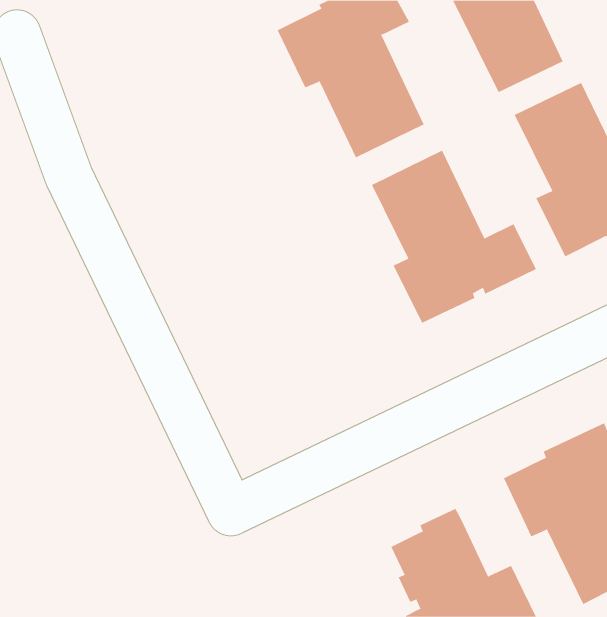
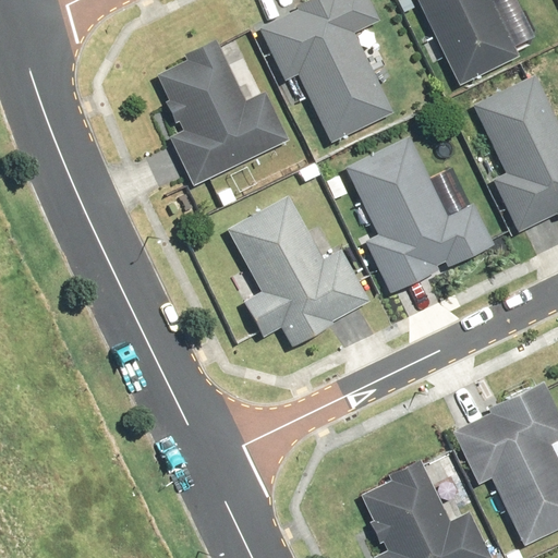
building: none -> [157,37,290,185]
building: none -> [227,195,369,347]

